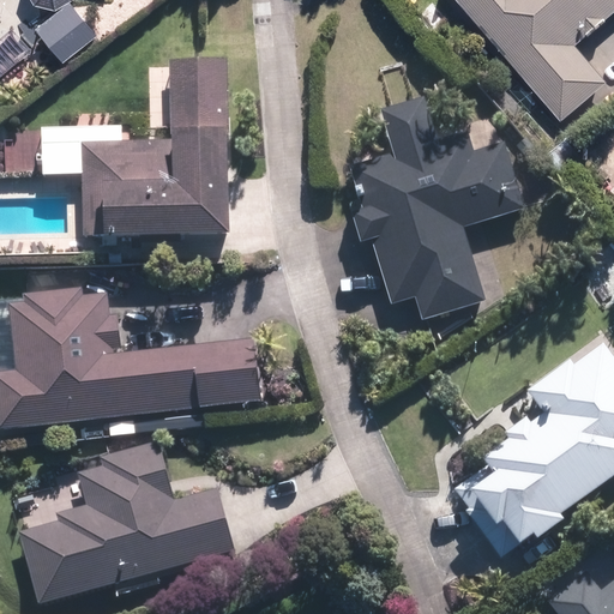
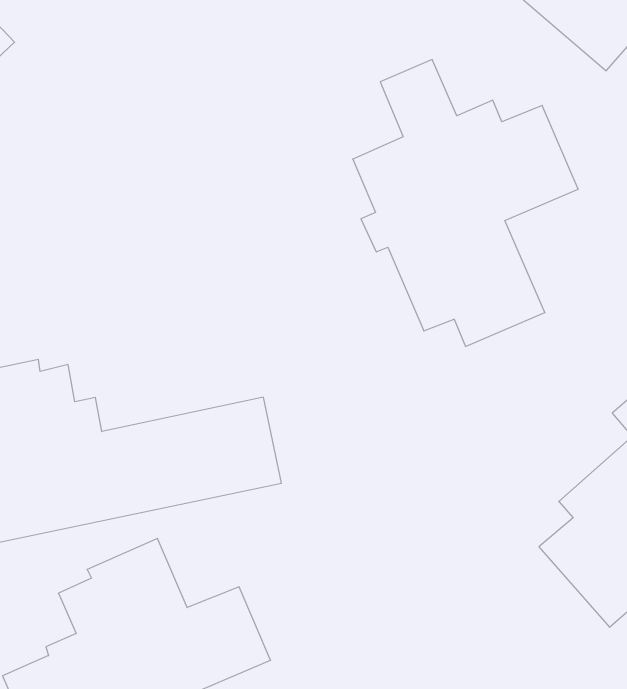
building: [83,59,225,236] -> none

